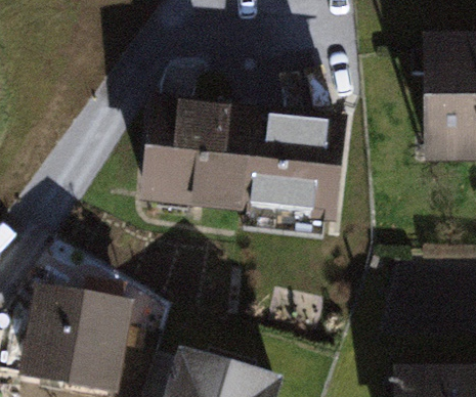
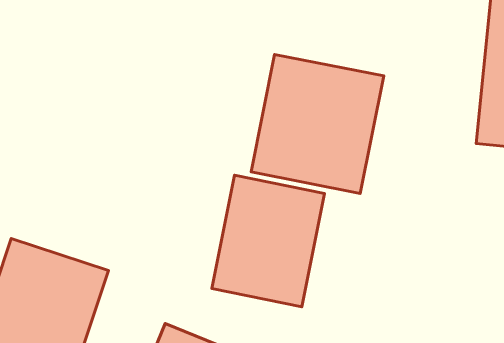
building: [142,97,247,208] -> none
building: none -> [212,175,324,307]

